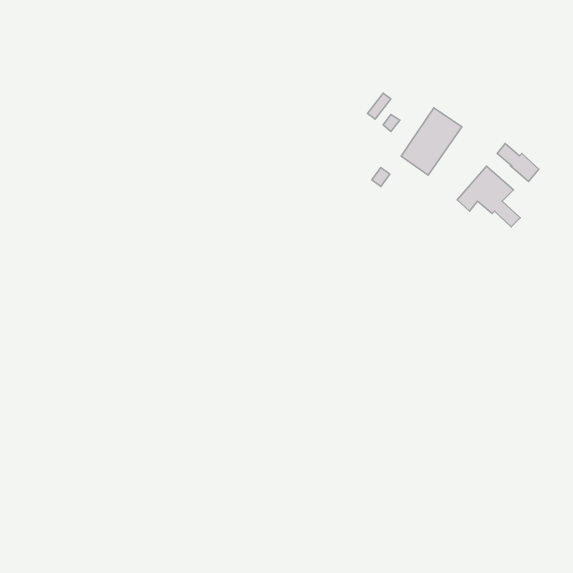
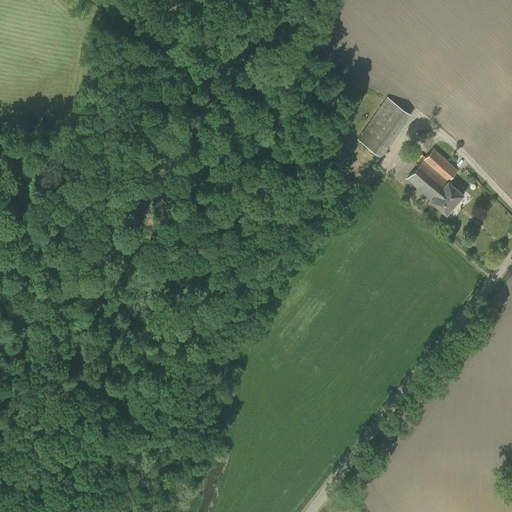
building: [497,143,539,182] -> [419,180,456,214]

